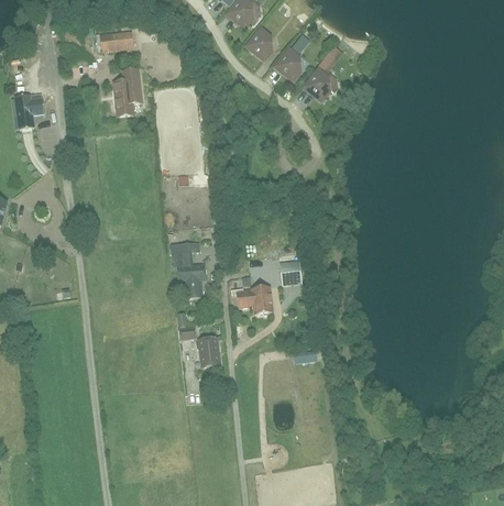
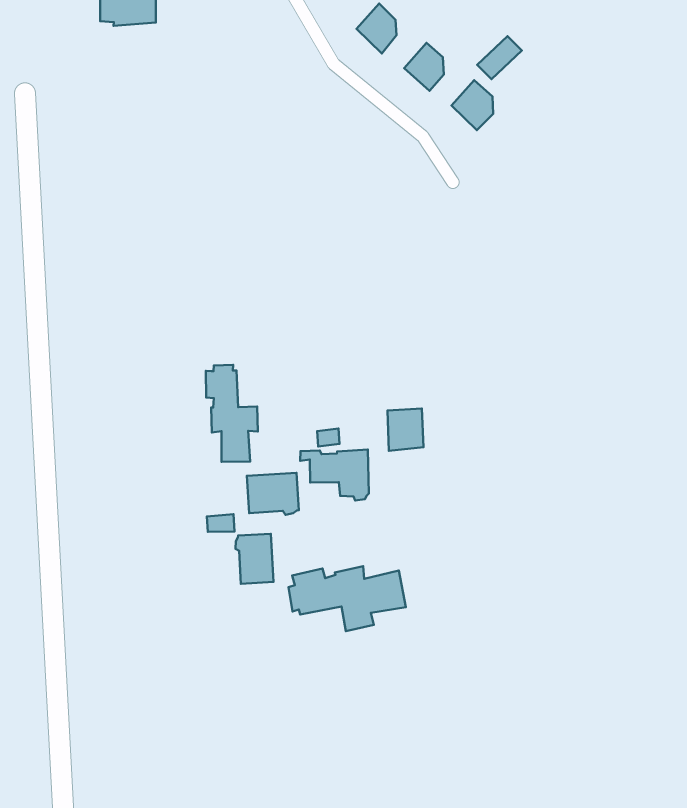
building: [113,67,143,114] -> none
building: none -> [247,473,299,515]
building: none -> [288,566,406,631]

